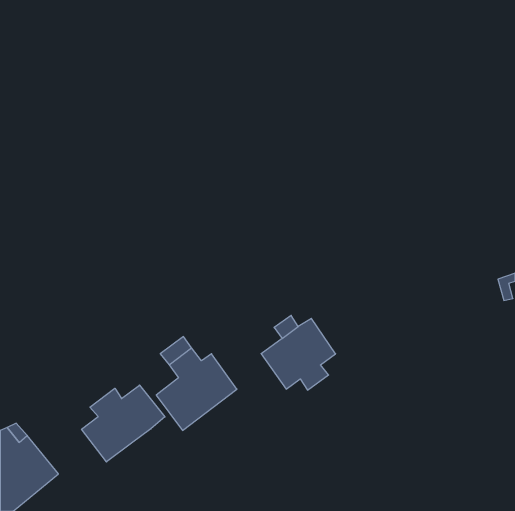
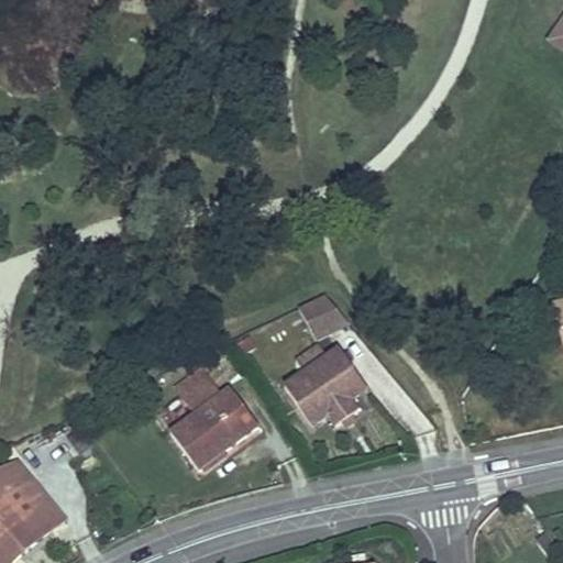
building: none -> [298,295,349,338]
building: [82,385,165,462] -> none

